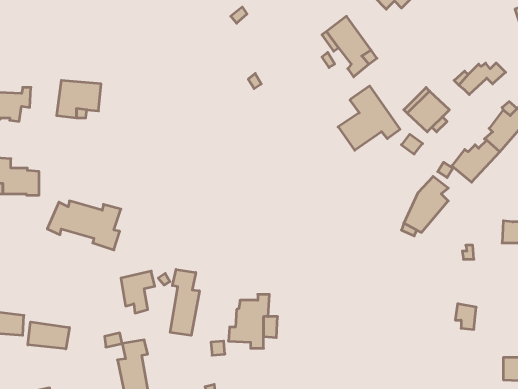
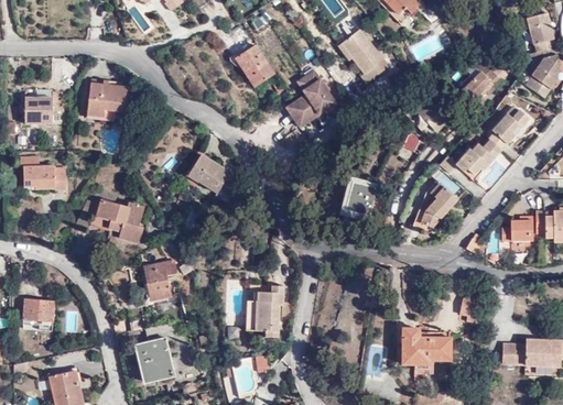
building: none -> [231,44,269,85]
building: [338,86,400,150] -> [288,67,346,128]
building: none -> [191,153,239,203]
building: none -> [345,179,375,214]
building: [170,269,199,335] -> none
building: [28,322,69,349] -> none
building: none -> [400,326,451,366]

